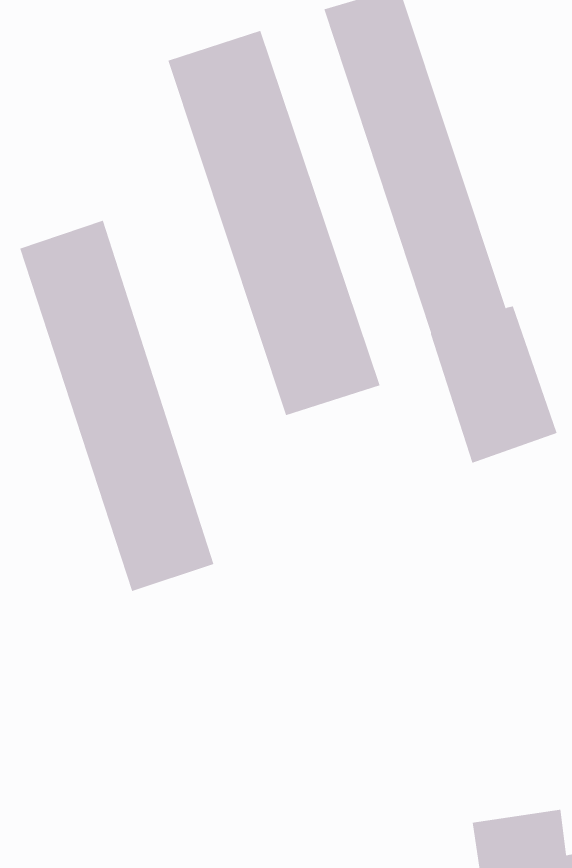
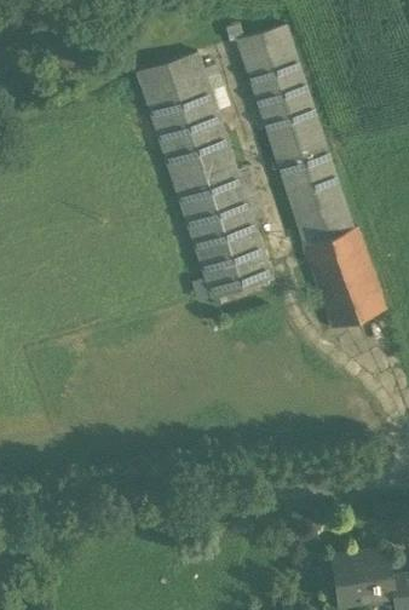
building: [20,220,214,592] -> none

